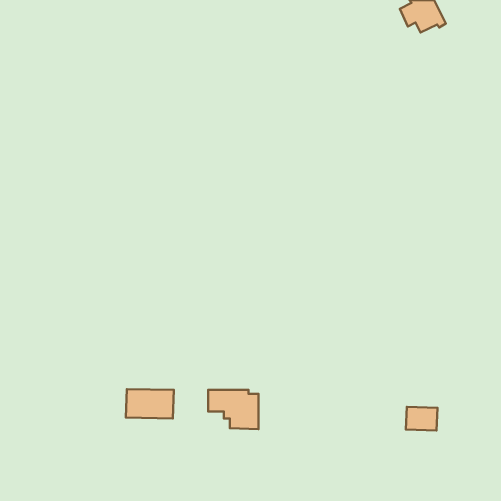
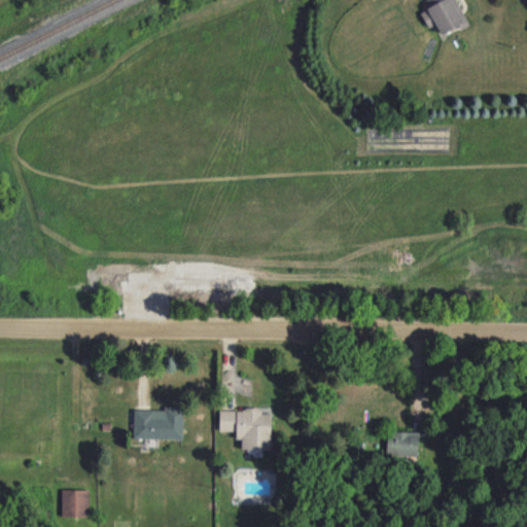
building: [406,407,437,430] -> [386,432,419,457]
building: none -> [62,490,89,518]

